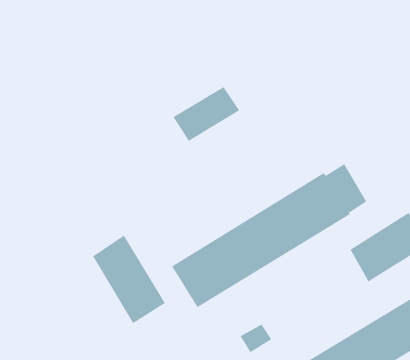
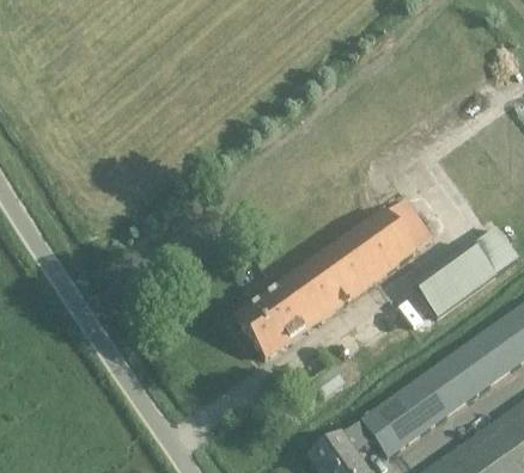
building: [172,86,240,142] -> none
building: [92,235,166,324] -> none

